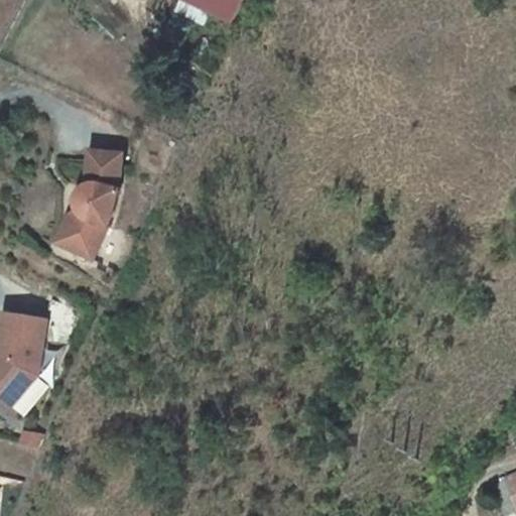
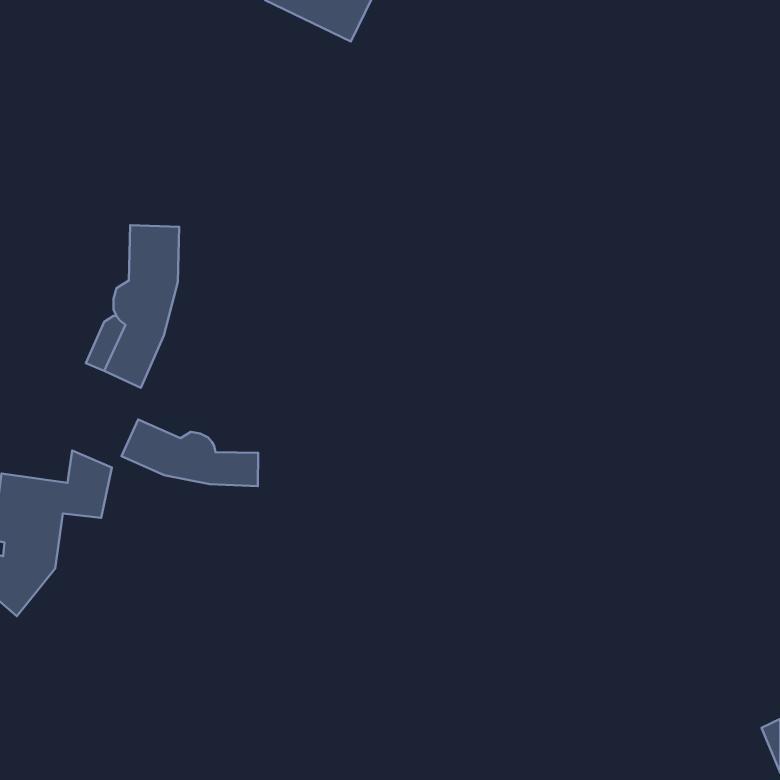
building: none -> [122,419,258,486]

